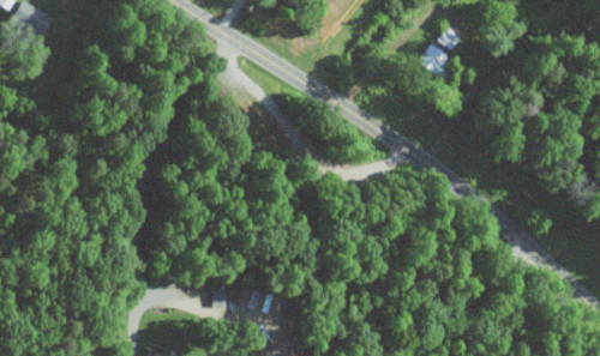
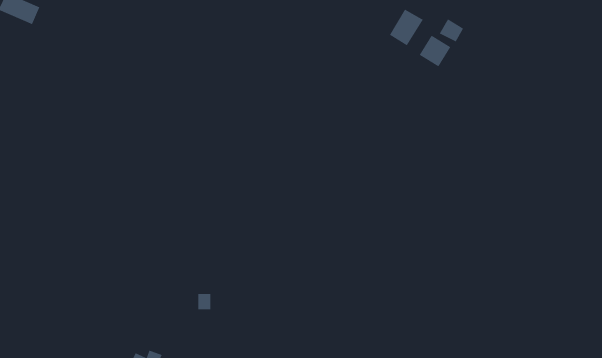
building: none -> [389,9,424,46]

